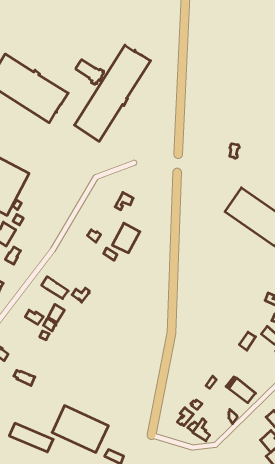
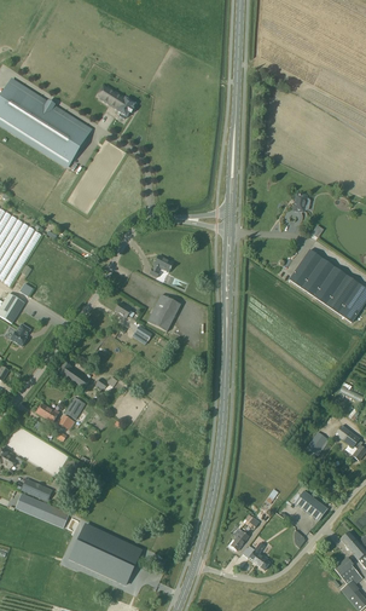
building: [74,45,151,141] -> none
building: [9,423,53,452] -> [14,491,70,528]

